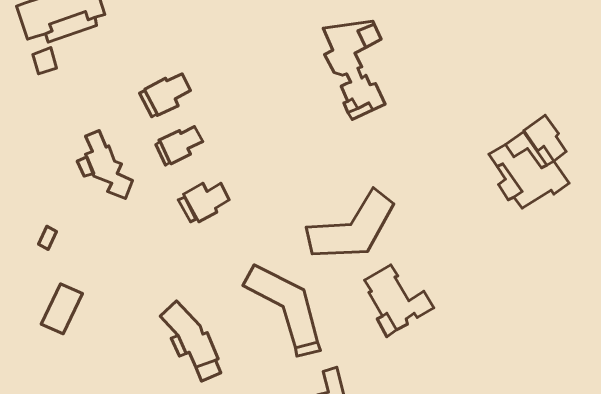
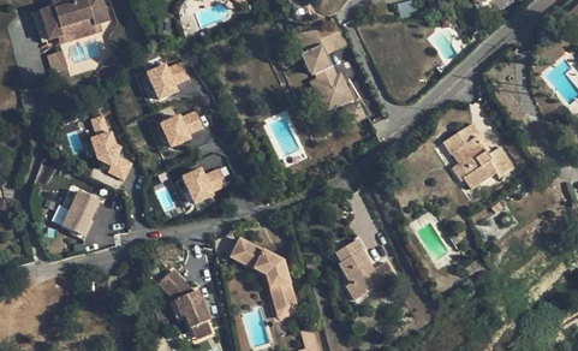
building: [524,115,566,161] -> none
building: [306,188,394,254] -> none
building: [41,284,83,334] -> [62,191,99,234]

